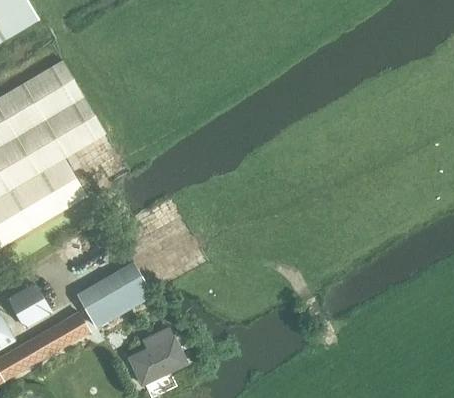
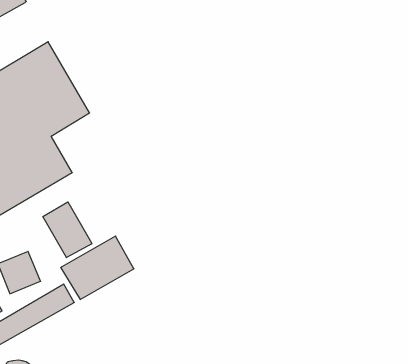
building: none -> [43,202,92,258]
building: [125,327,187,387] -> none

